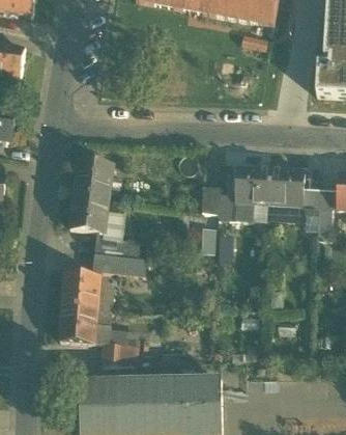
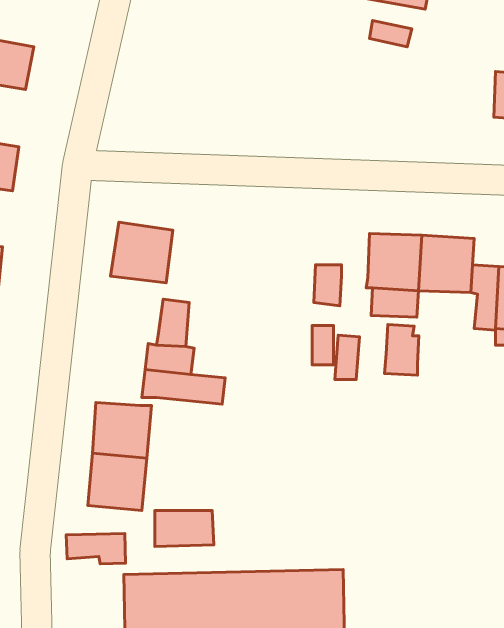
building: [69,194,109,232] -> none
building: [218,194,239,226] -> [385,324,419,375]
building: none -> [66,533,126,564]

